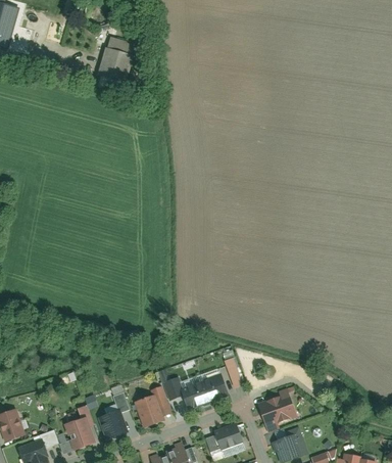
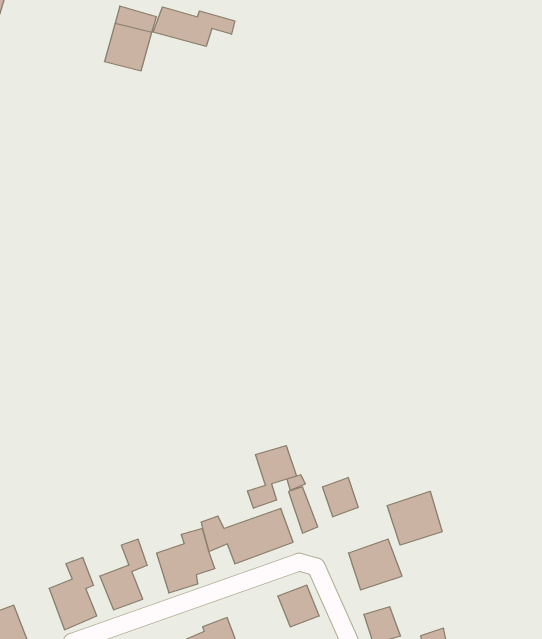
building: none -> [153,7,235,46]
building: none -> [248,446,296,508]
building: none -> [323,477,358,517]
building: none -> [387,491,442,545]

